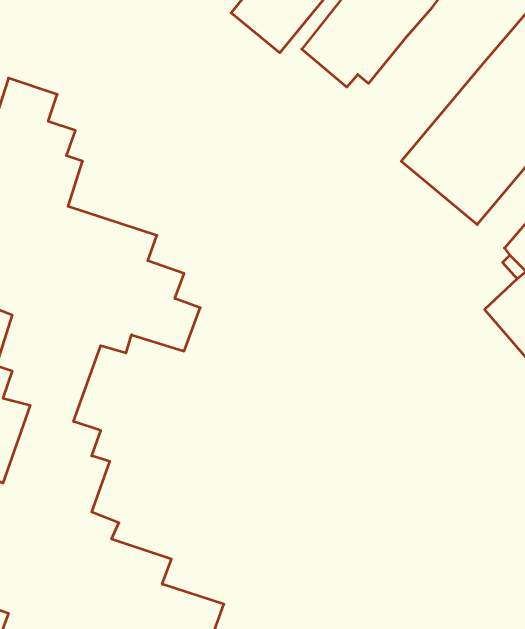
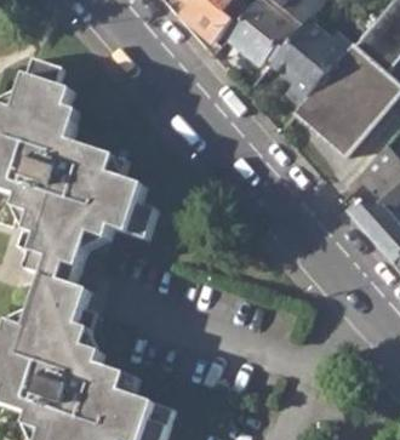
building: none -> [270,19,350,107]

